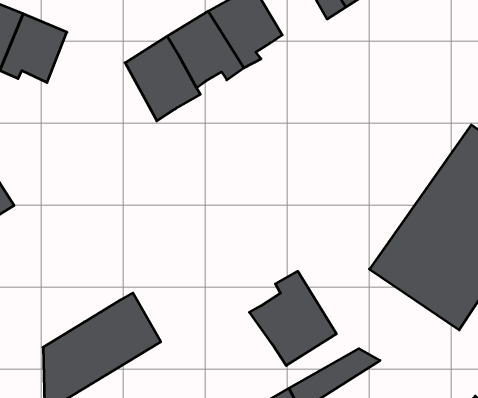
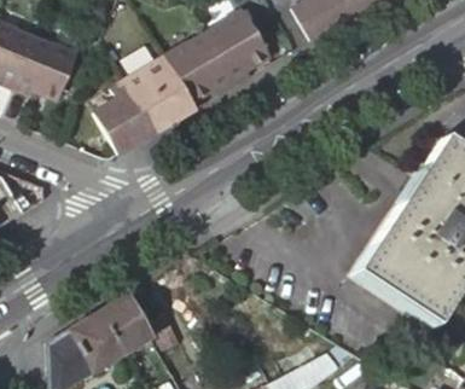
building: none -> [88,81,155,157]
building: [249,271,336,366] -> none

